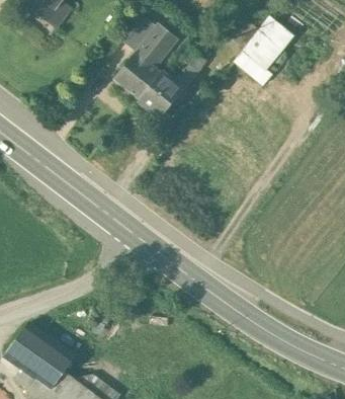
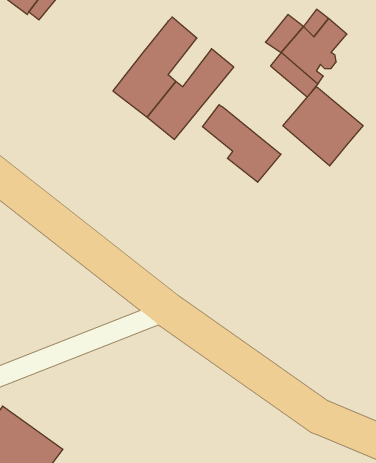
building: [122,15,156,51] -> none
building: none -> [283,87,363,166]
building: none -> [202,105,281,182]

